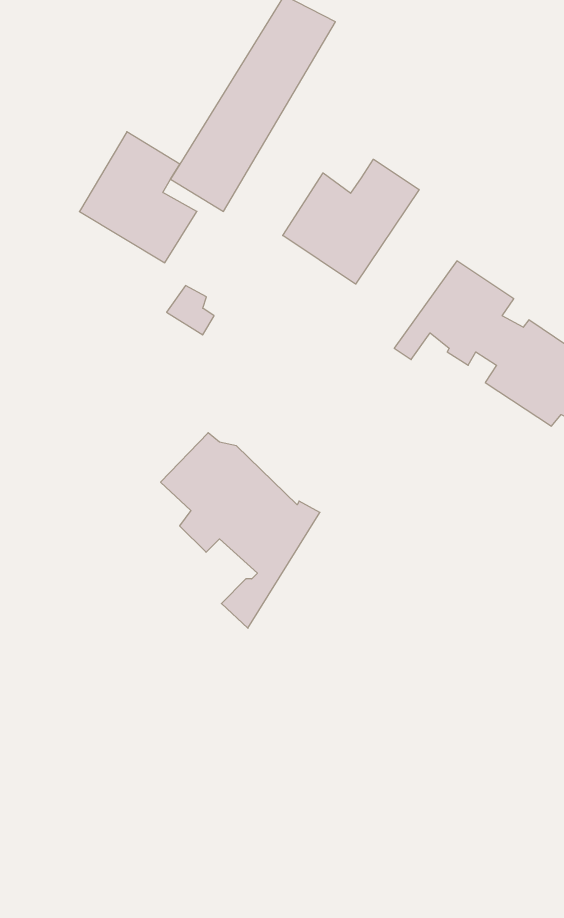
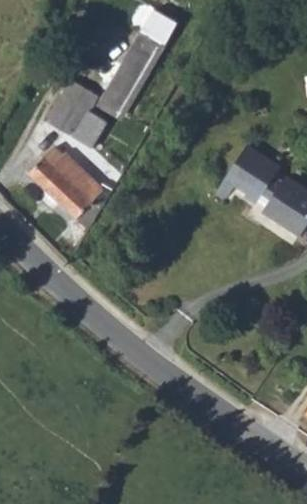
building: [283,159,419,284] -> none
building: [161,433,320,628] -> [26,148,110,251]

